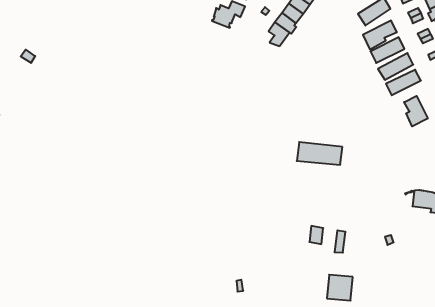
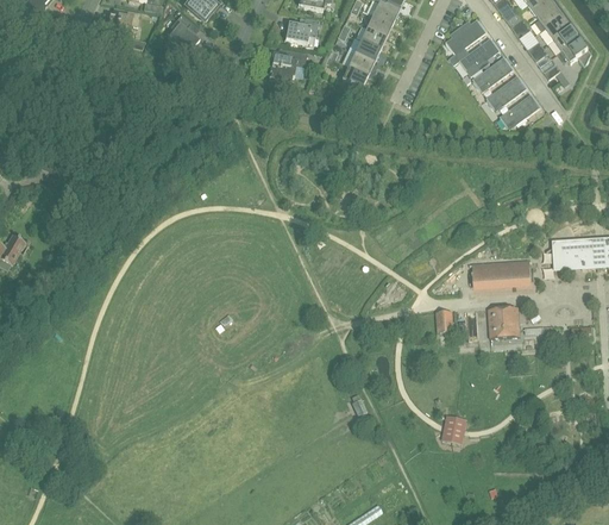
building: [404,96,428,126] -> none
building: [297,142,342,165] -> [472,256,528,283]
building: [327,275,353,301] -> [486,305,519,337]

